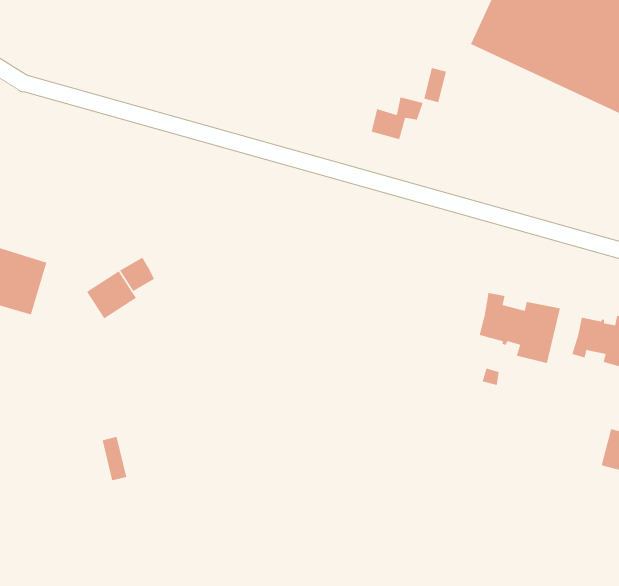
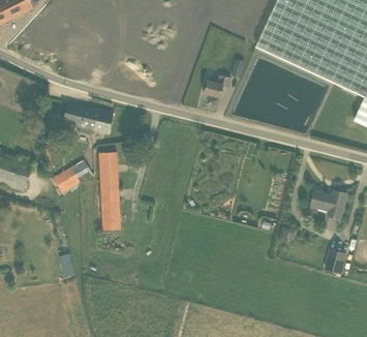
building: none -> [62,102,114,134]
building: none -> [99,152,120,232]
building: [479,292,560,364] -> none

